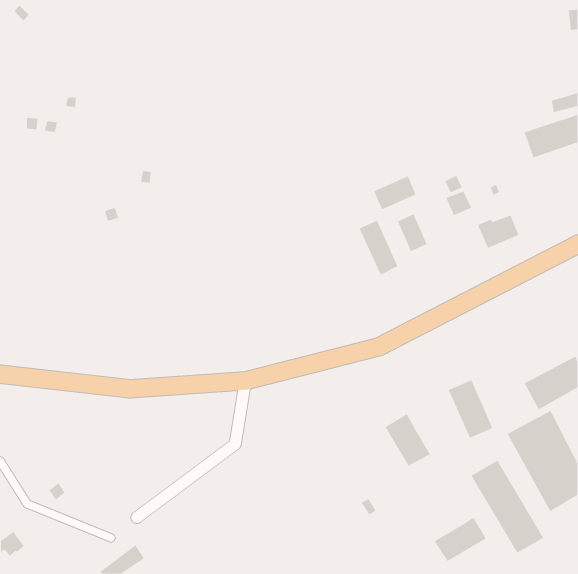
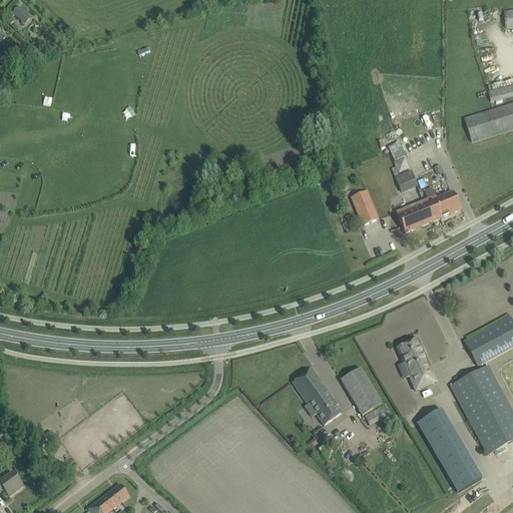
building: [373,175,416,210] -> none
building: [359,220,398,276] -> none
building: none -> [396,199,432,231]
building: none -> [292,367,342,424]
building: [434,517,486,562] -> none

